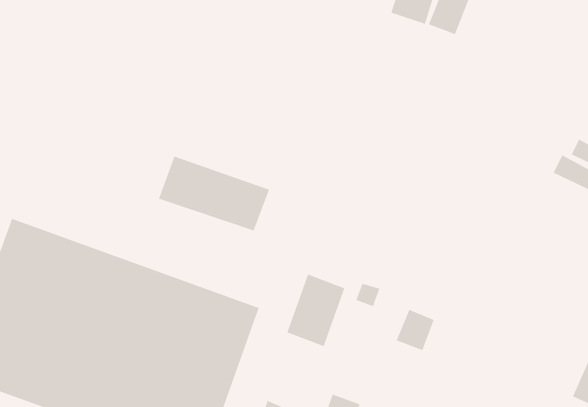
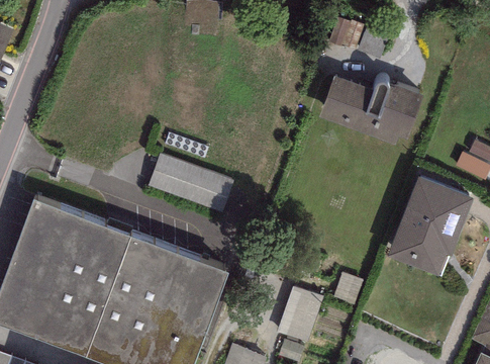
building: none -> [319,75,422,145]
building: none -> [387,177,474,275]
building: [287,274,345,347] -> [277,285,322,342]

